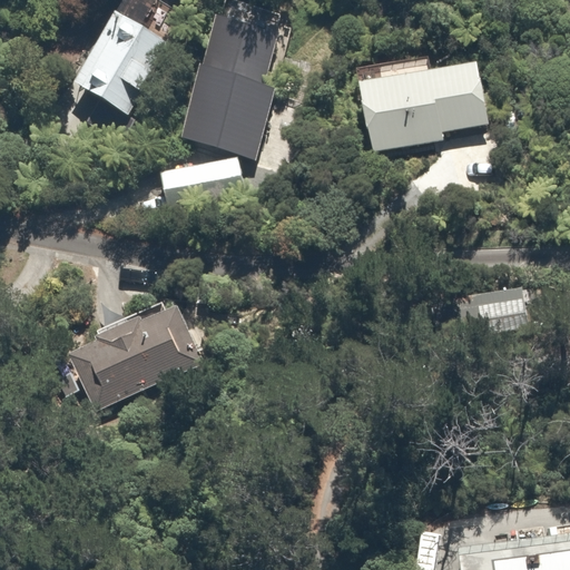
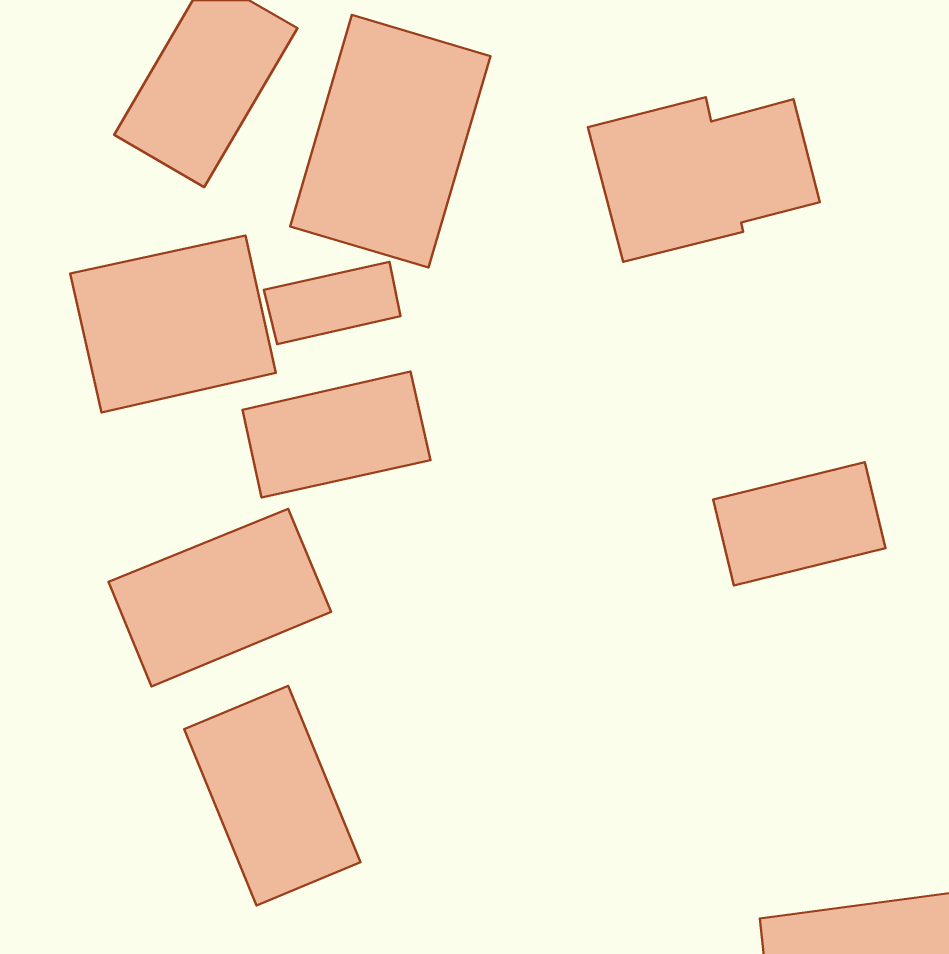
building: none -> [70,236,276,413]
building: none -> [242,372,431,497]
building: none -> [184,686,361,905]

